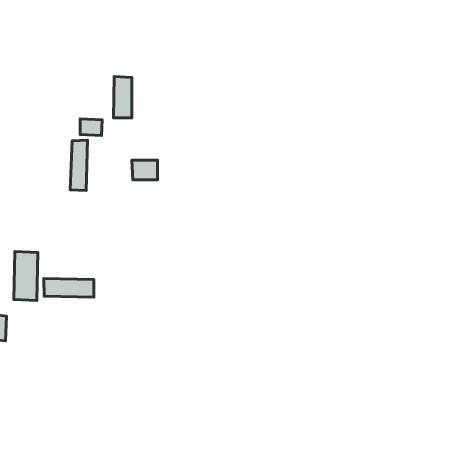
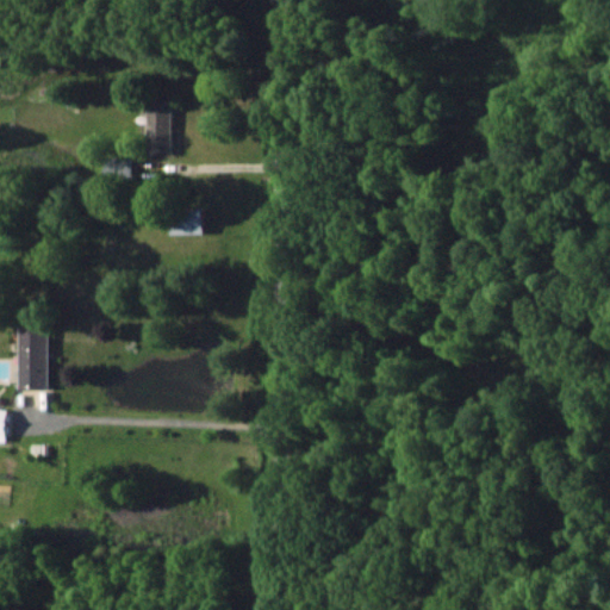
building: [70,140,87,191] -> none
building: [44,279,94,297] -> none

